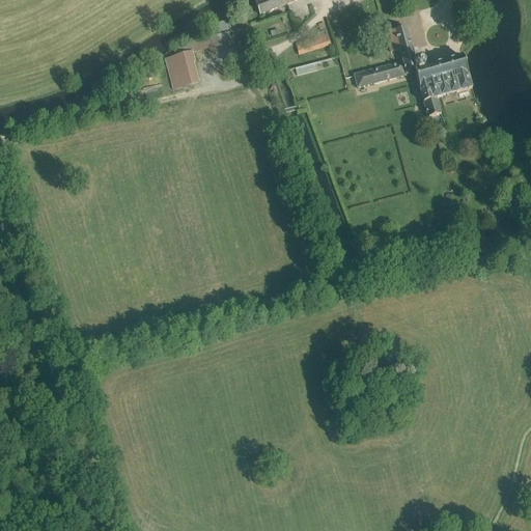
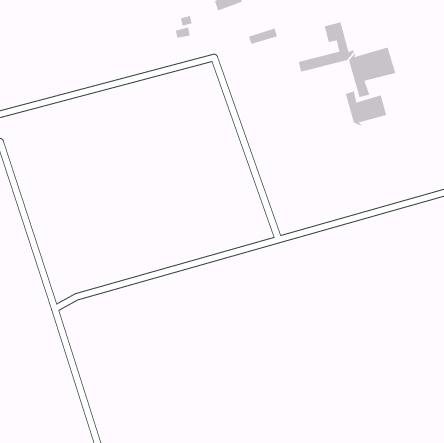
building: [165,50,199,88] -> none
building: none -> [345,90,387,126]

